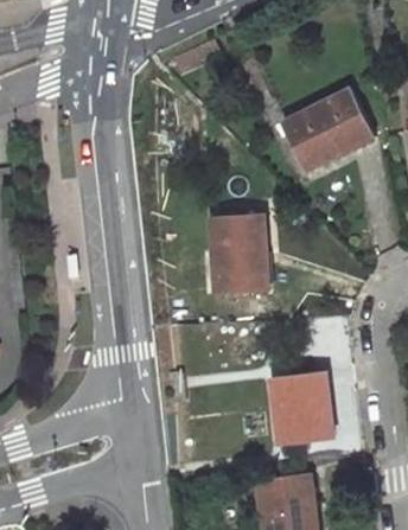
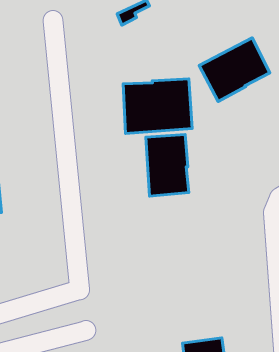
building: none -> [123,79,192,134]
building: [272,371,332,445] -> none

